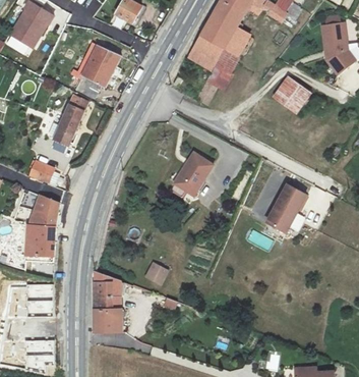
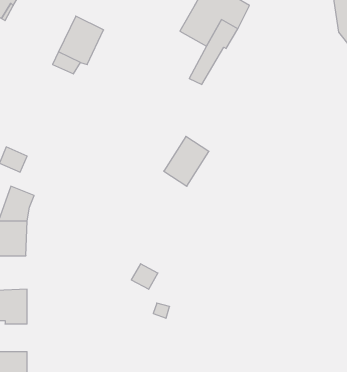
building: [273,76,309,112] -> none
building: [54,93,87,144] -> none
building: [266,182,305,230] -> none
building: [94,271,121,330] -> none

